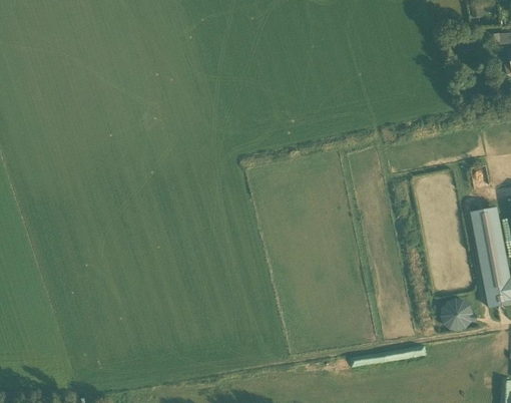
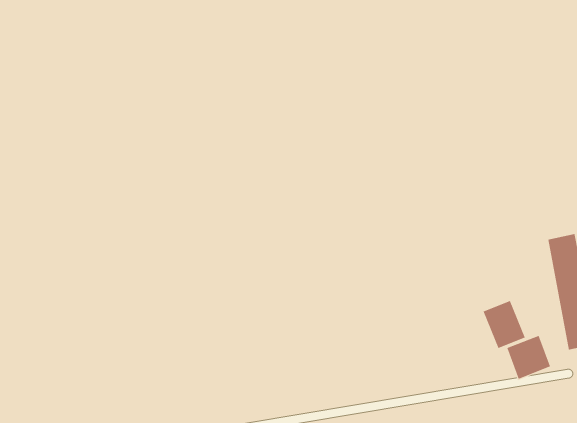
building: none -> [483,300,526,349]

